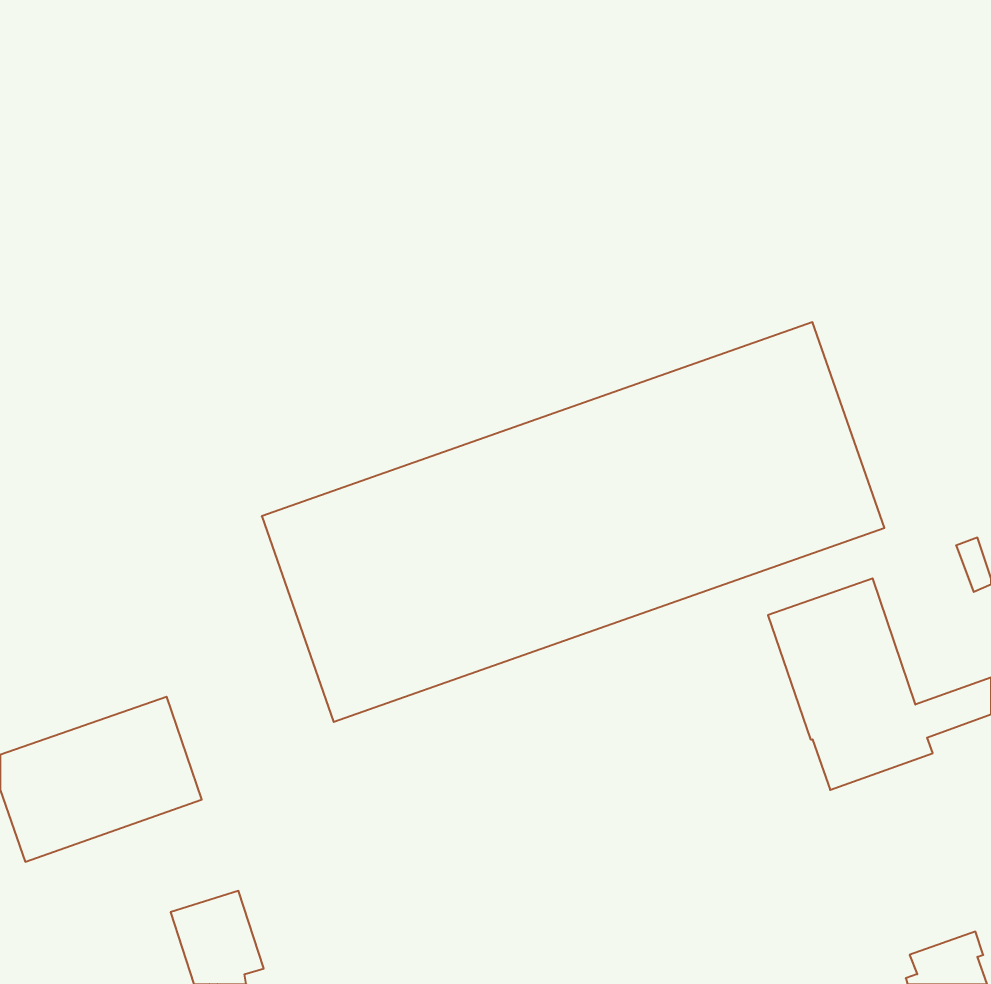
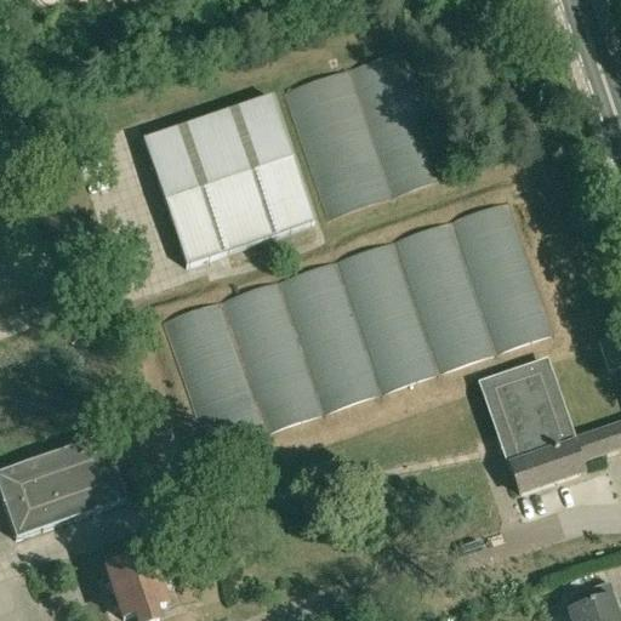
building: none -> [284,47,457,216]
building: none -> [142,95,314,267]

